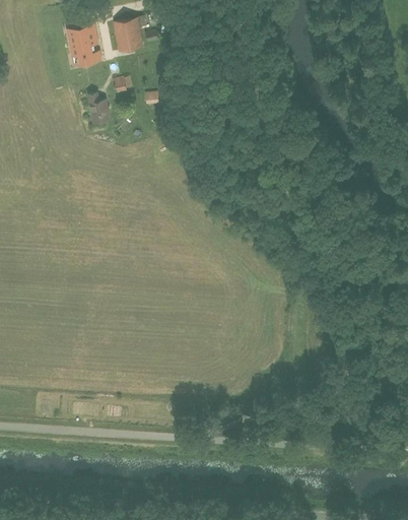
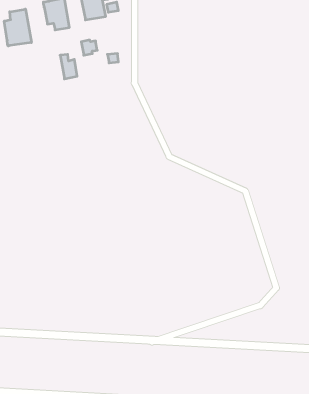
building: none -> [4,9,31,46]

